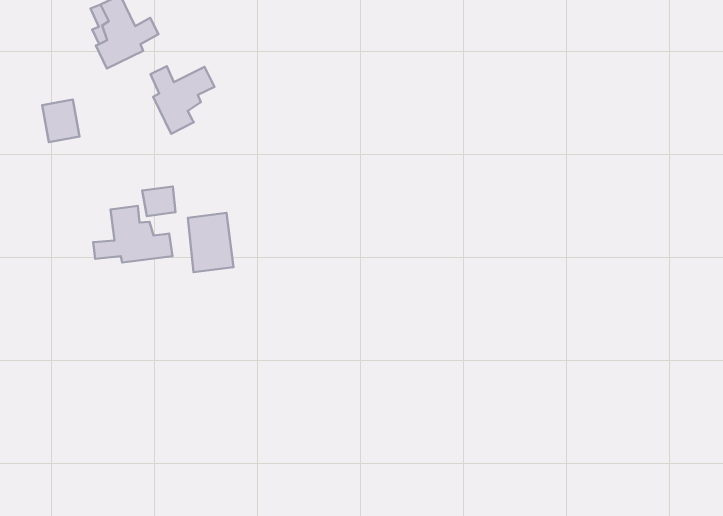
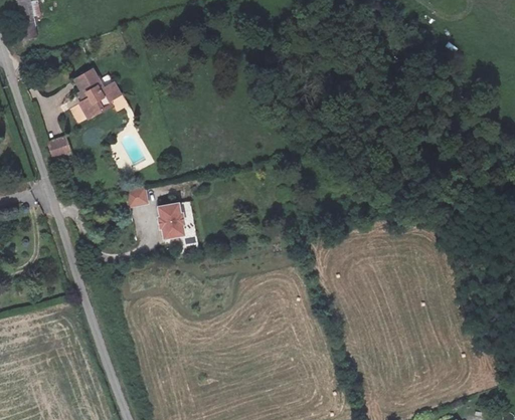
building: [150,66,214,134] -> none
building: [93,206,173,262] -> none

